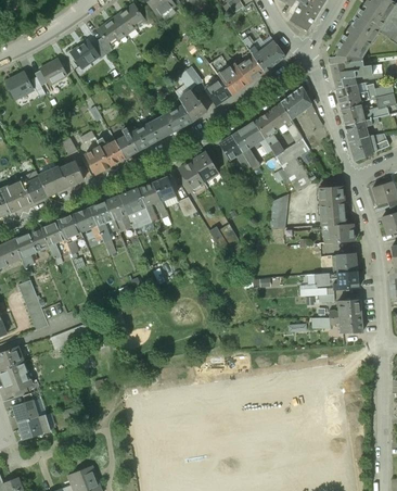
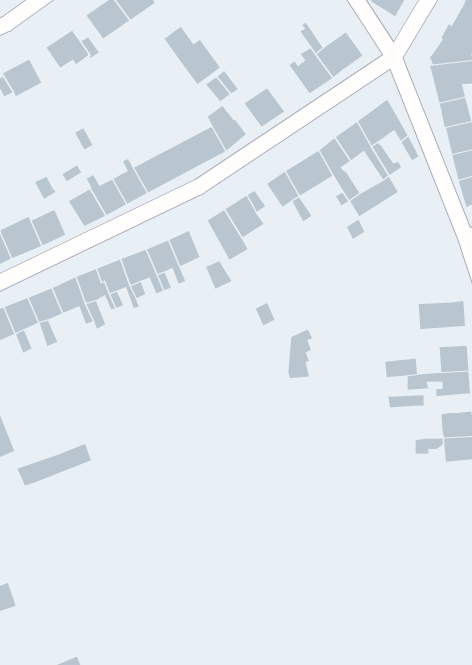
building: [209,54,248,95] -> [163,26,221,85]
building: [319,185,345,225] -> none
building: [270,196,287,229] -> [287,329,313,379]

